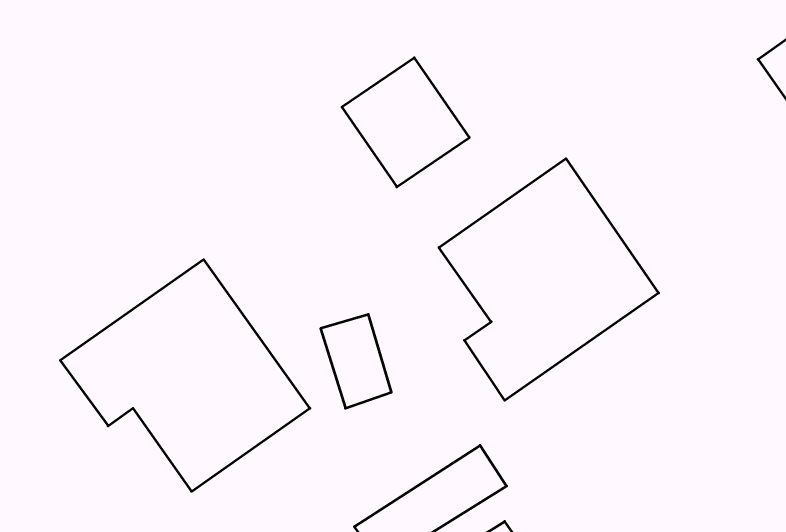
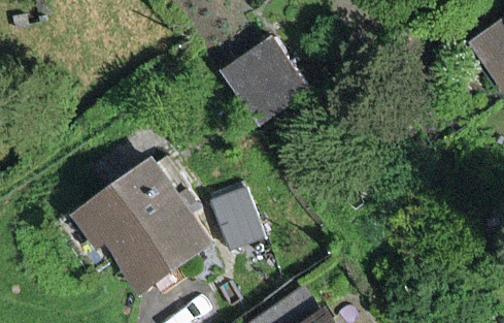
building: [439,159,659,400] -> none

